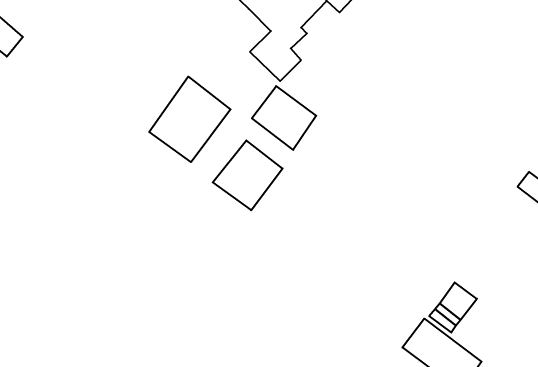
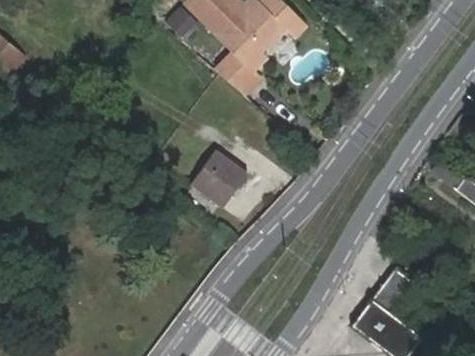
building: [149,77,231,162] -> none
building: [252,86,316,150] -> none

